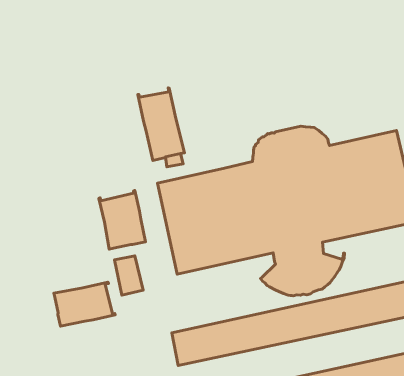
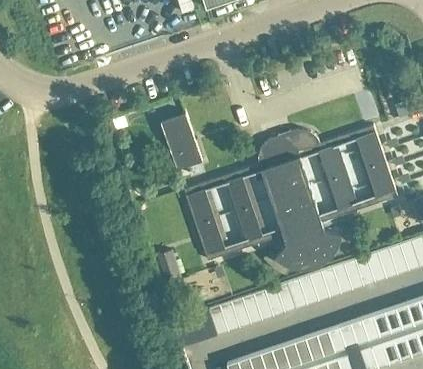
building: [99,191,146,249] -> none
building: [54,282,115,326] -> none

